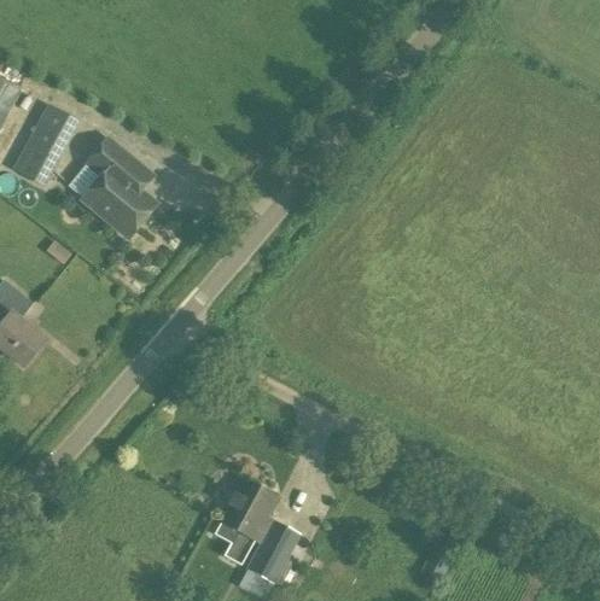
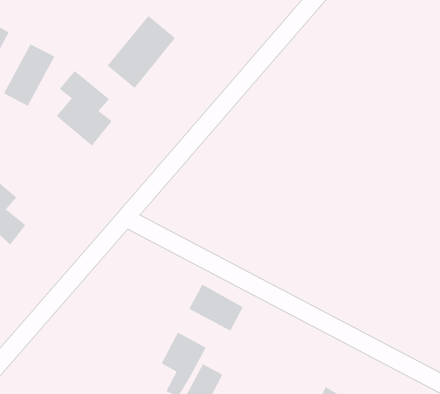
building: none -> [107,15,176,89]
building: none -> [188,284,243,331]

